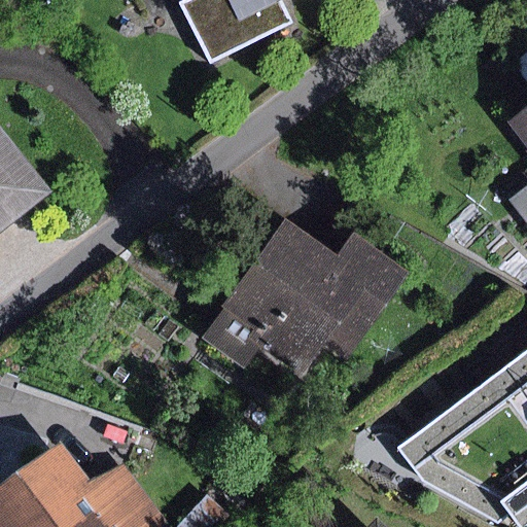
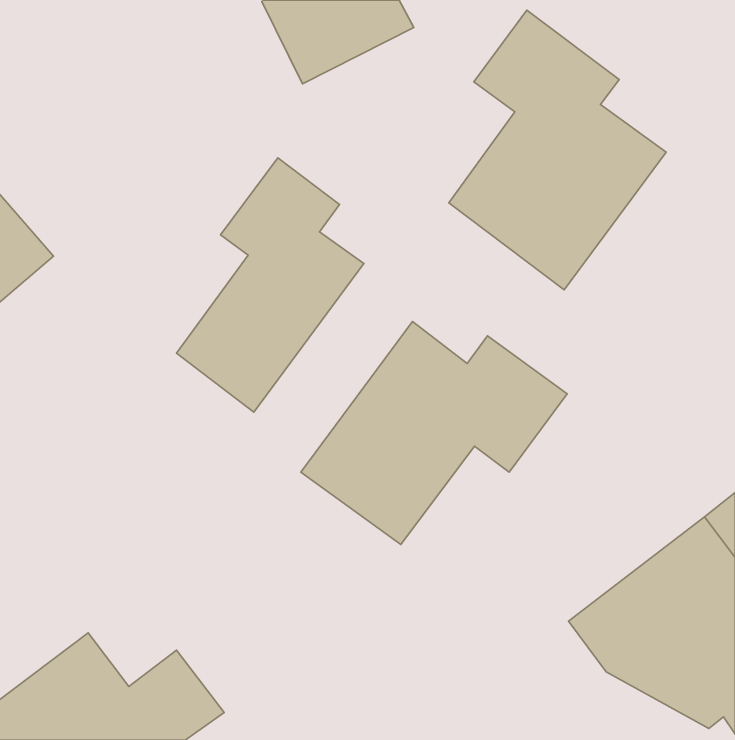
building: none -> [449,10,666,290]
building: none -> [177,158,364,412]

